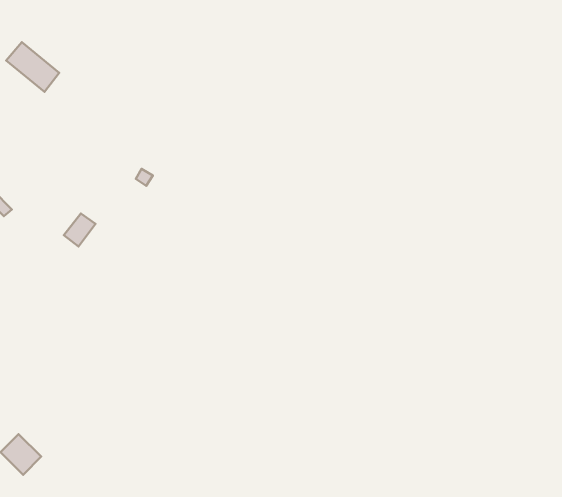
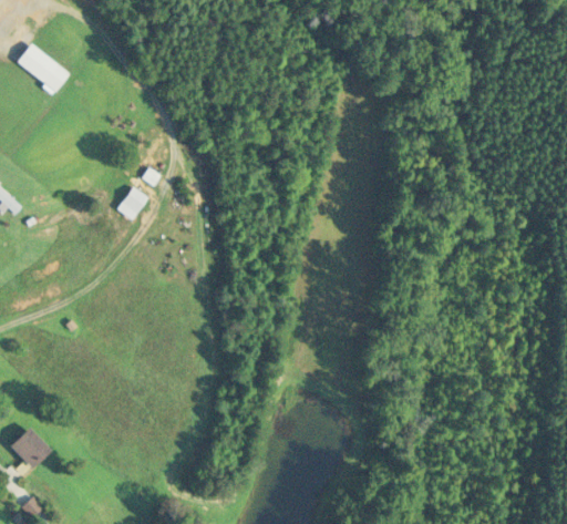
building: [64,214,95,246] -> [117,187,148,219]

